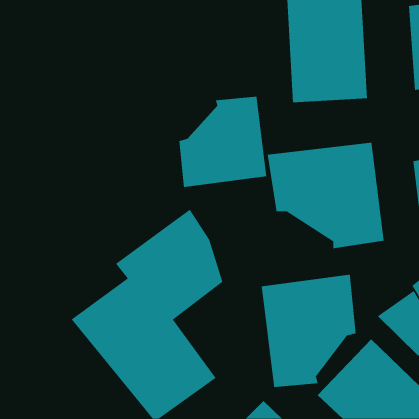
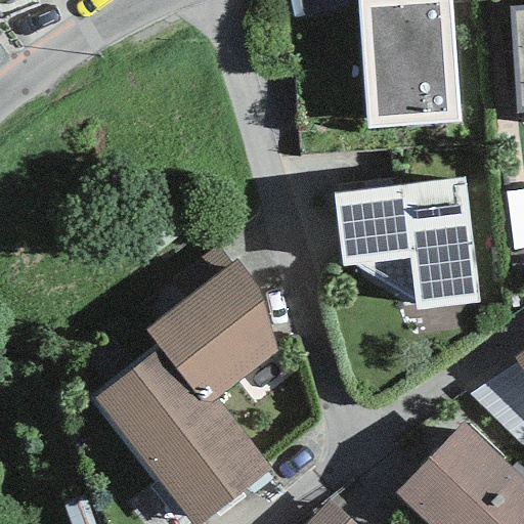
building: [179,96,267,188] -> none
building: [261,274,356,388] -> none

